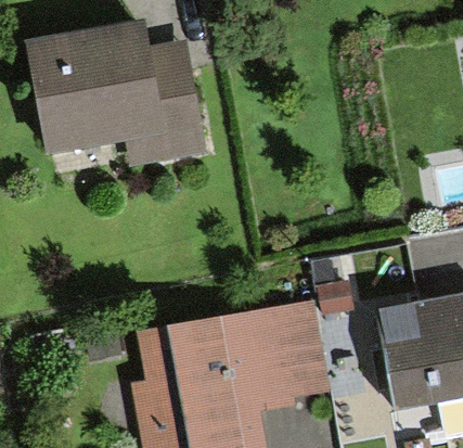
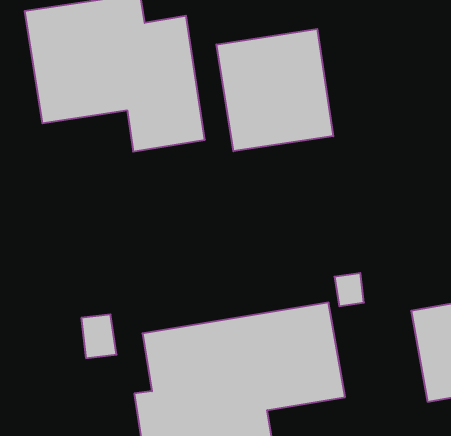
building: none -> [216,29,333,151]

